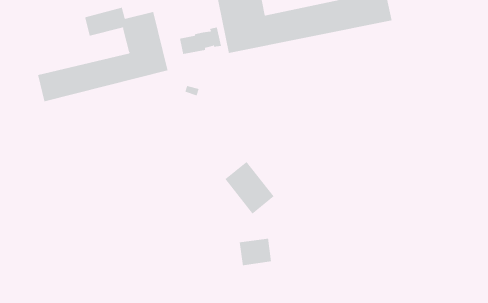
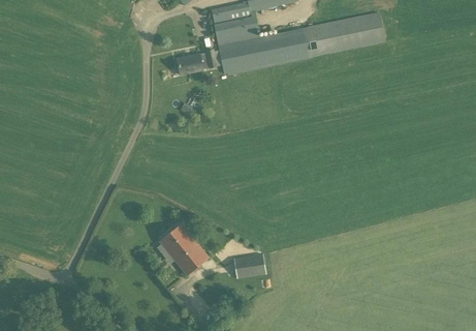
building: [37,7,168,102] -> none
building: [224,161,275,214] -> [159,223,208,275]

